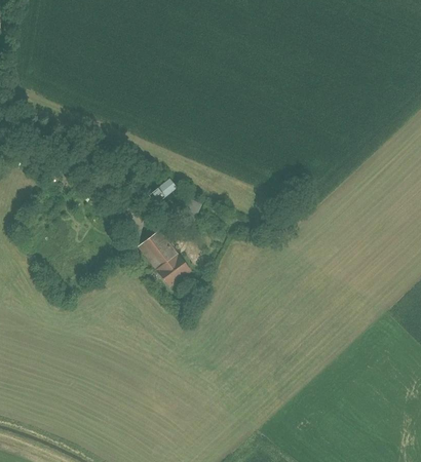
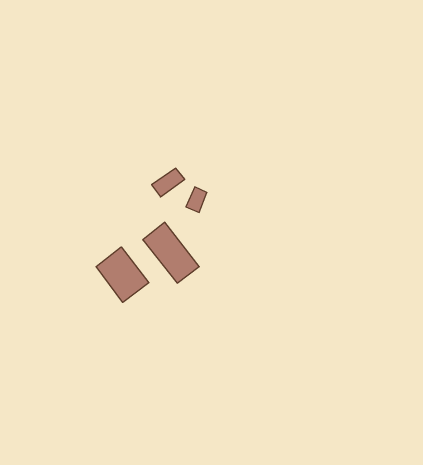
building: none -> [96,247,149,302]

